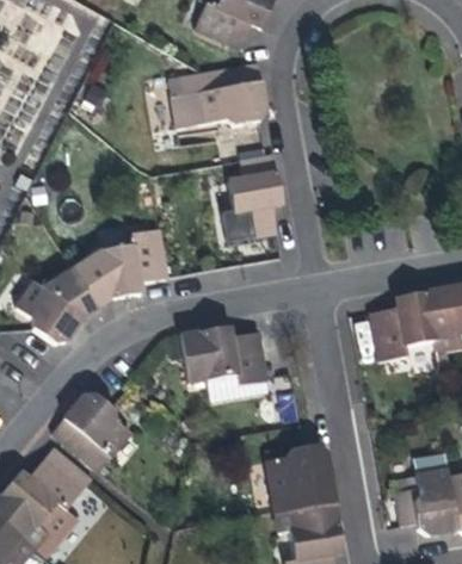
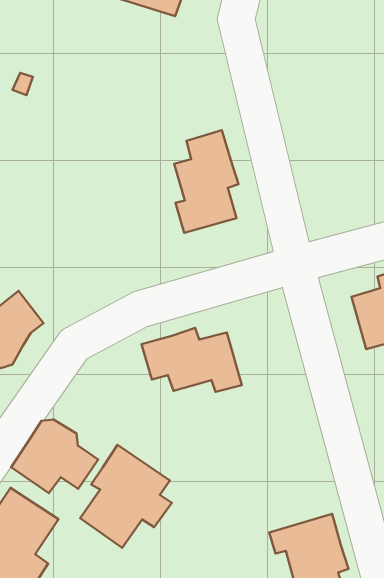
building: [170,62,266,126] -> none
building: [78,228,170,306] -> none
building: none -> [80,445,172,548]
building: [267,444,334,512] -> none

